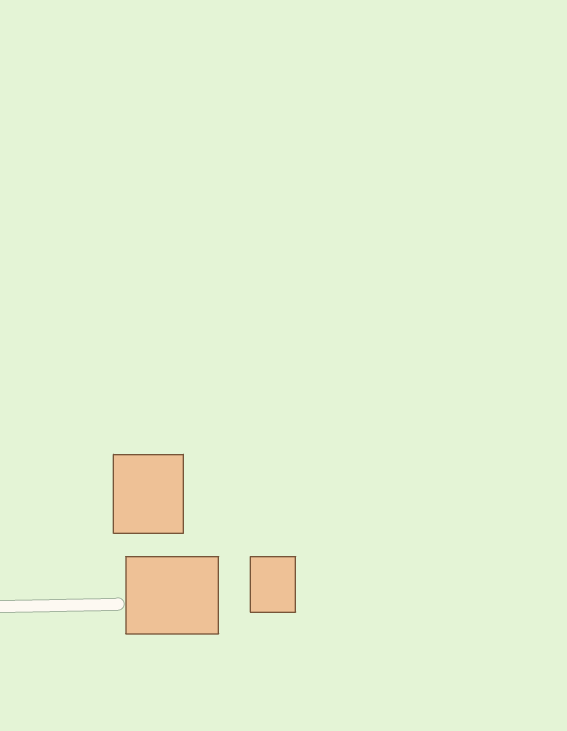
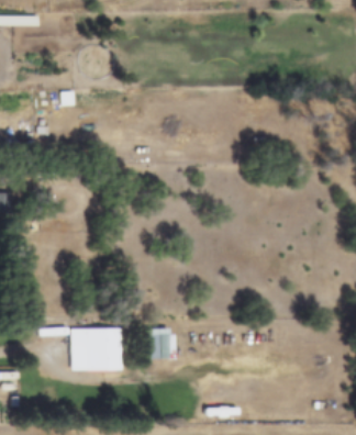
building: [114,454,183,533] -> none

